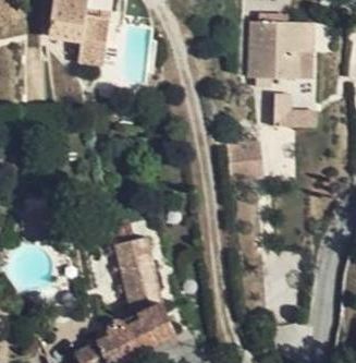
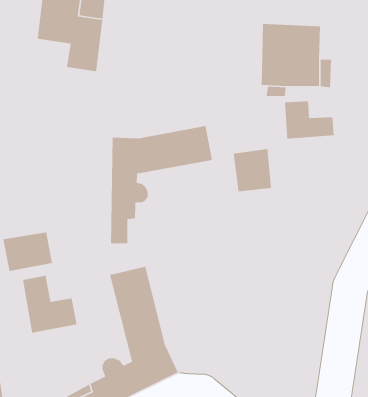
building: none -> [110,125,213,244]
building: none -> [22,275,78,333]

